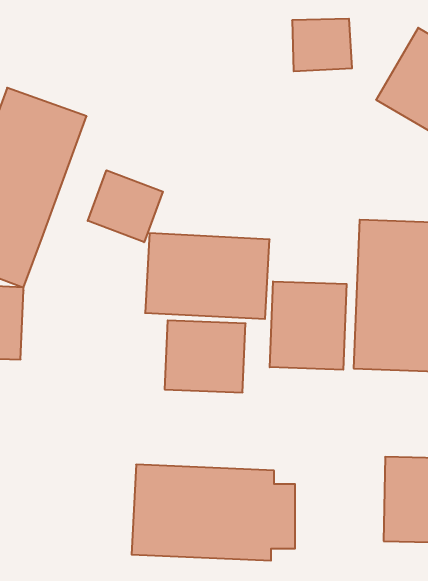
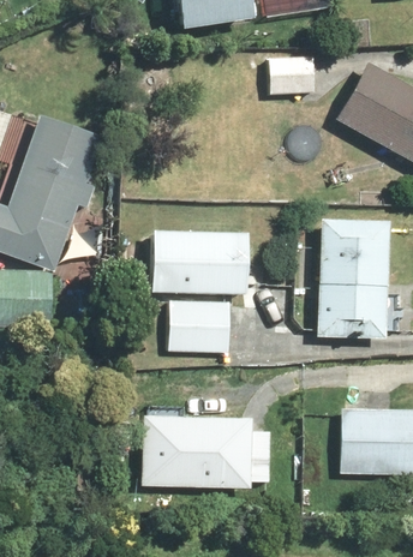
building: [88,170,163,242] -> none
building: [270,281,347,370] -> none

